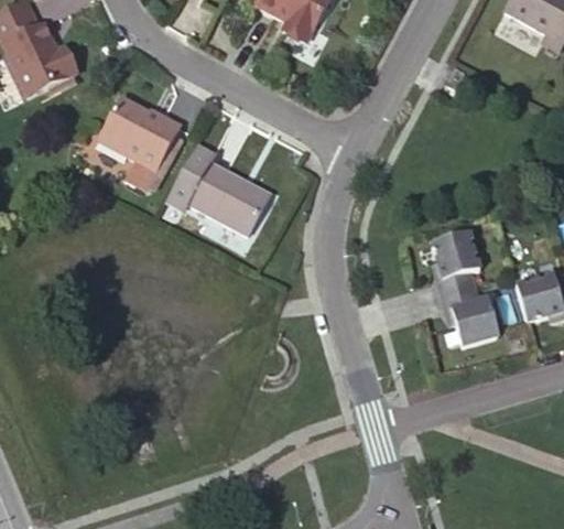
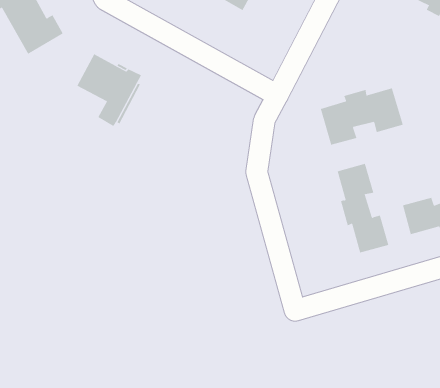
building: none -> [320,87,403,145]
building: [169,144,269,230] -> none

